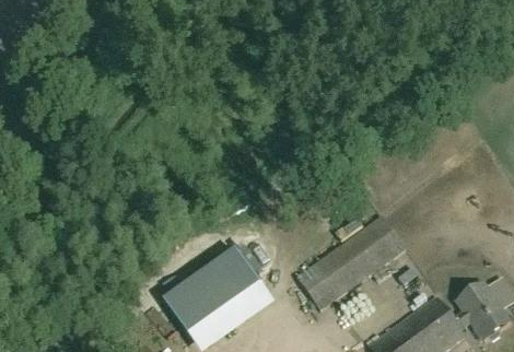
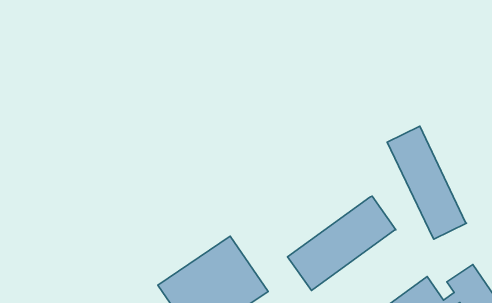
building: none -> [387,126,466,239]

